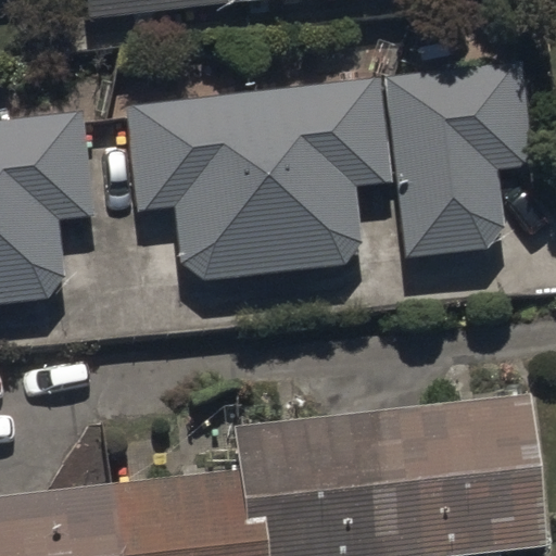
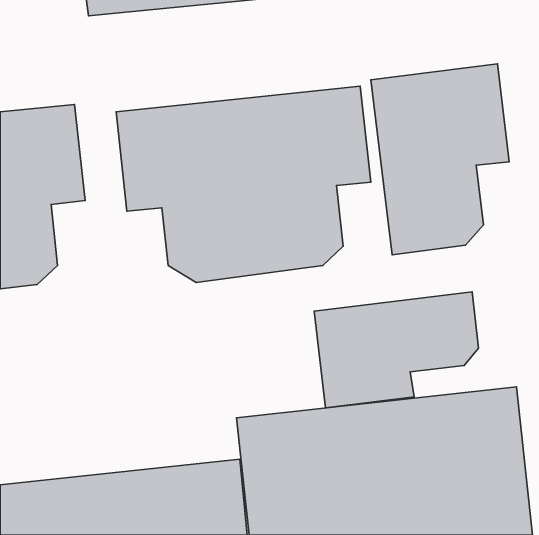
building: none -> [314,292,479,408]

